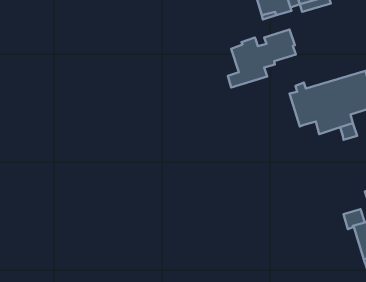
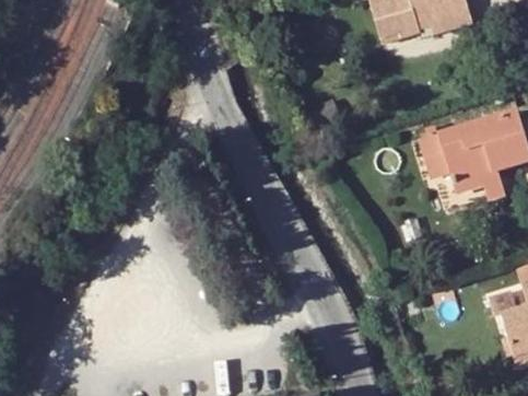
building: [228,29,296,88] -> none

